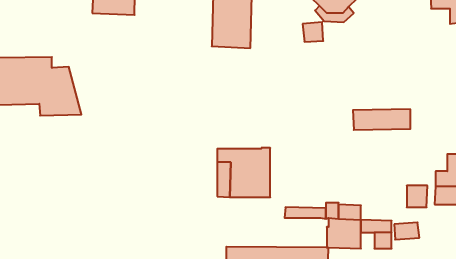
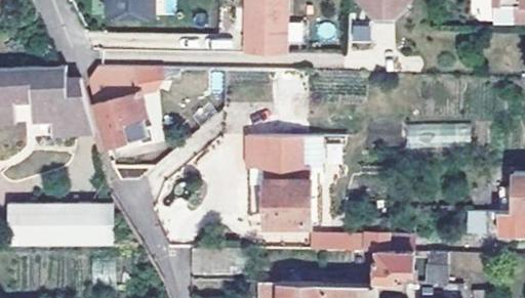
building: none -> [88,67,161,147]
building: none -> [245,136,310,171]
building: none -> [6,201,110,247]

